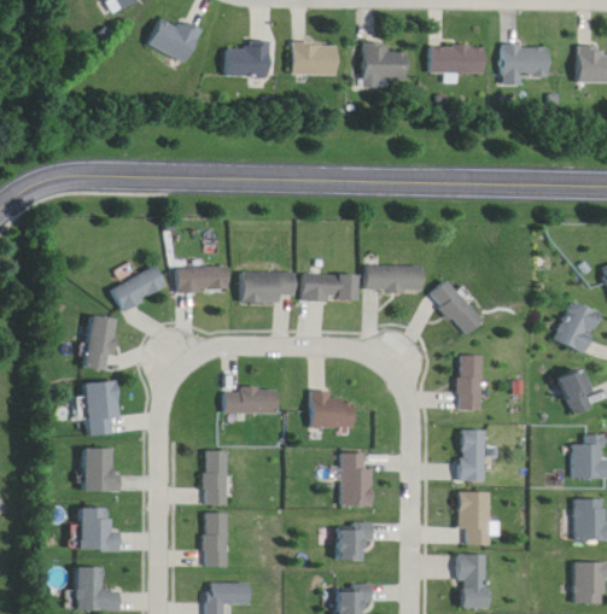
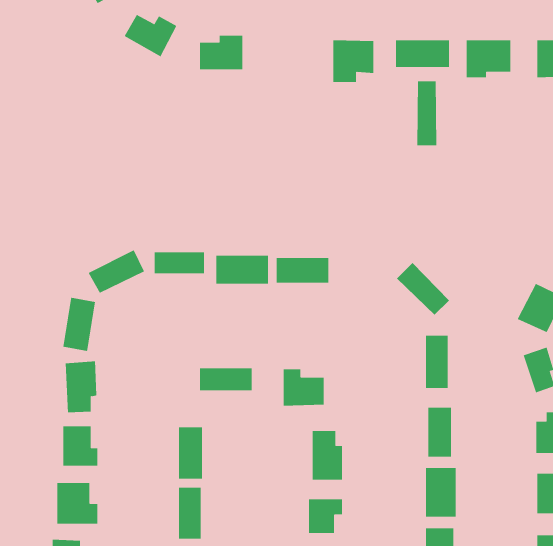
building: [291,45,337,76] -> none
building: none -> [417,81,437,146]
building: [364,265,424,291] -> none

